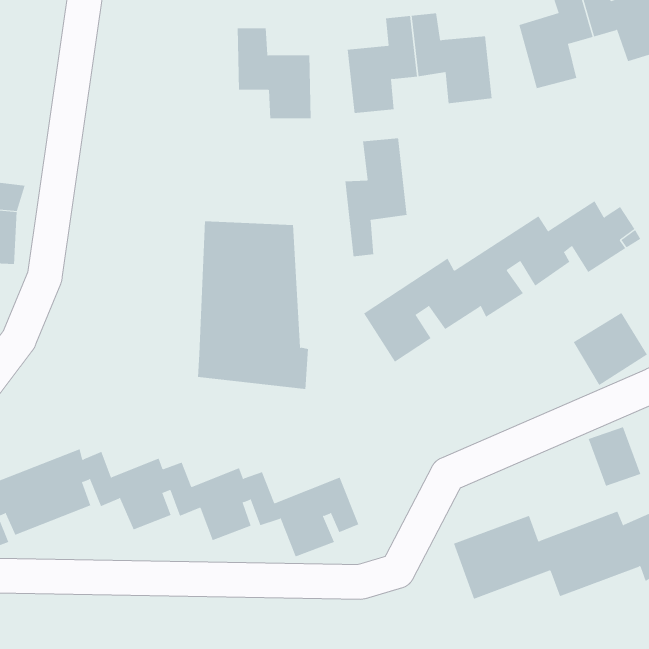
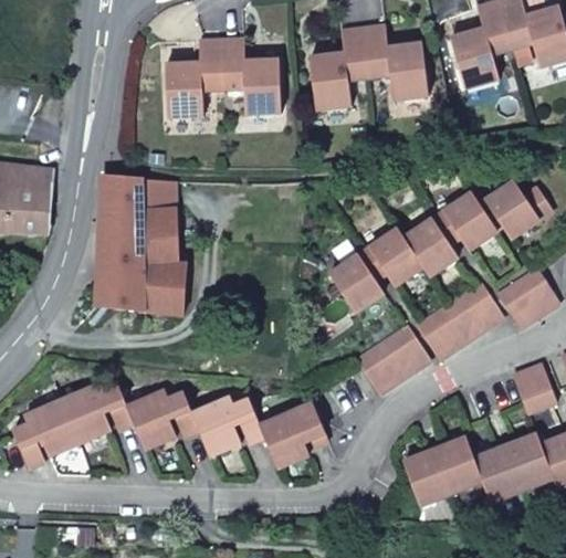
building: none -> [170,40,227,118]
building: [345,138,407,257] -> none
building: [197,221,309,390] -> [96,176,187,313]
building: none -> [417,284,504,360]
building: none -> [355,326,429,393]

